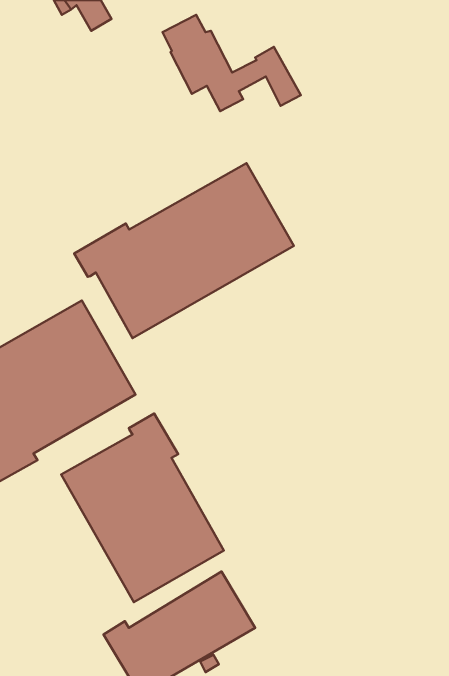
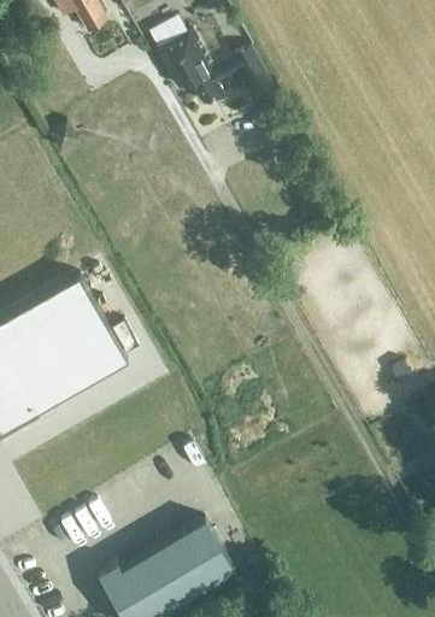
building: [74,163,294,338] -> none
building: [61,413,224,602] -> none

